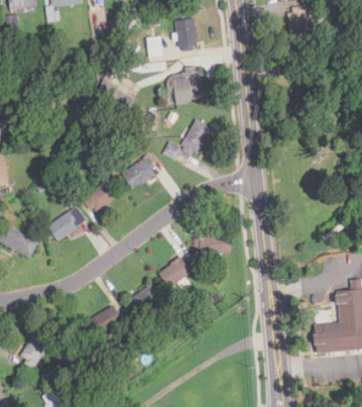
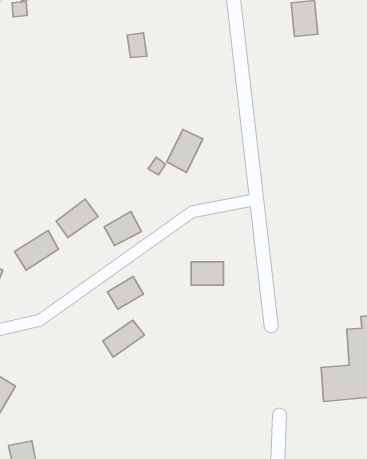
building: [174,19,196,49] -> none
building: [166,71,204,105] -> none
building: [122,159,154,188] -> [104,212,141,245]
building: [159,258,191,286] -> [108,277,144,309]
building: [86,305,120,335] -> none

